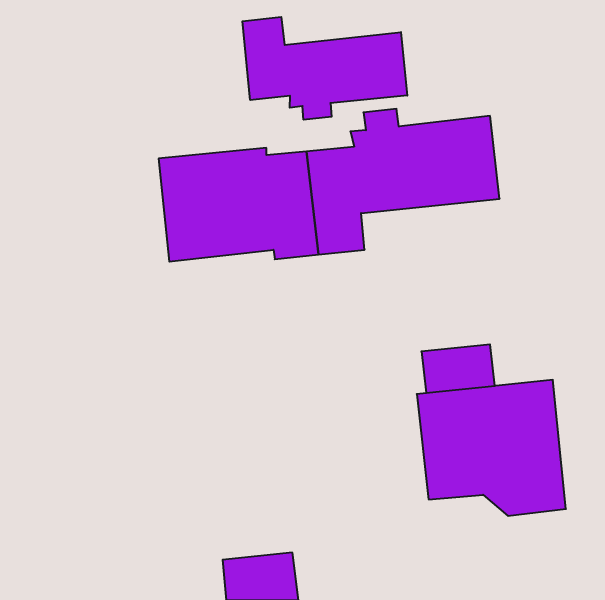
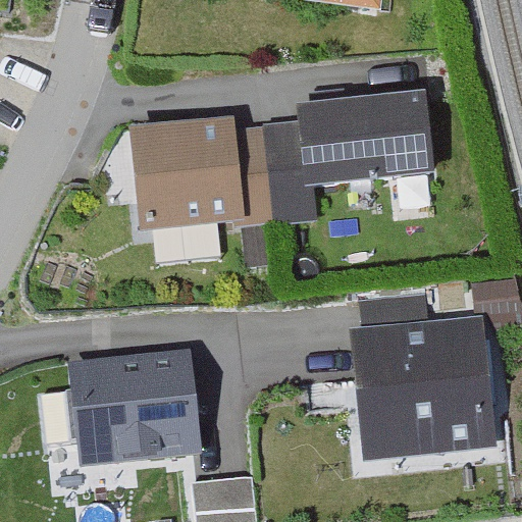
building: [242,17,407,120] -> none
building: none -> [43,358,195,460]

